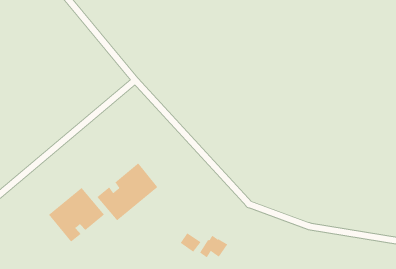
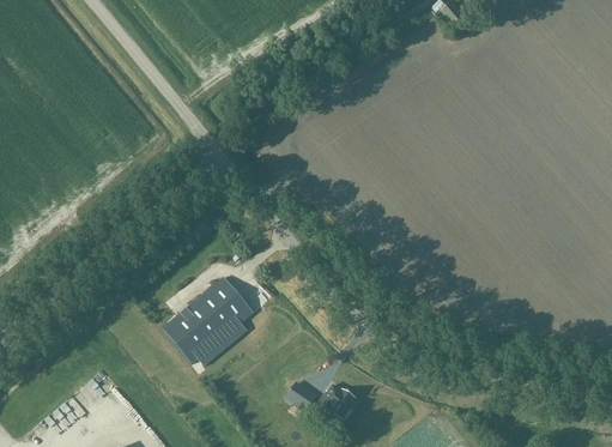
building: [48,187,105,243] -> none

